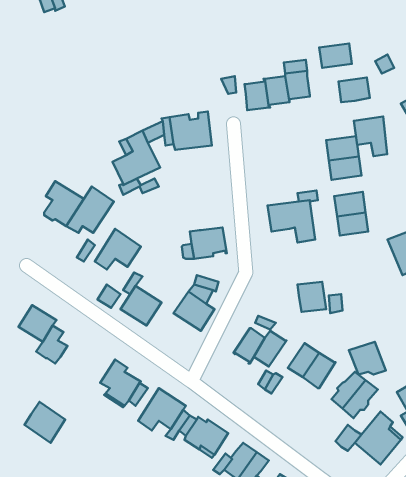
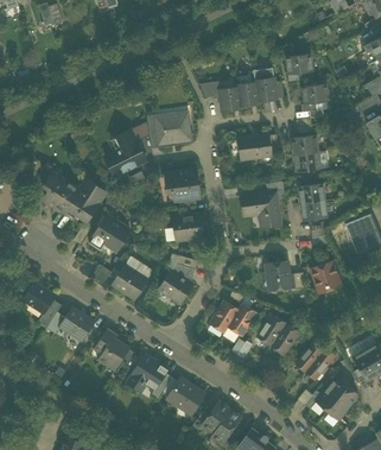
building: [354,117,387,156] -> none
building: none -> [237,134,272,159]
building: none -> [165,170,199,201]
building: [349,342,386,375] -> [310,261,342,290]
building: [24,402,65,443] -> [59,306,95,342]

